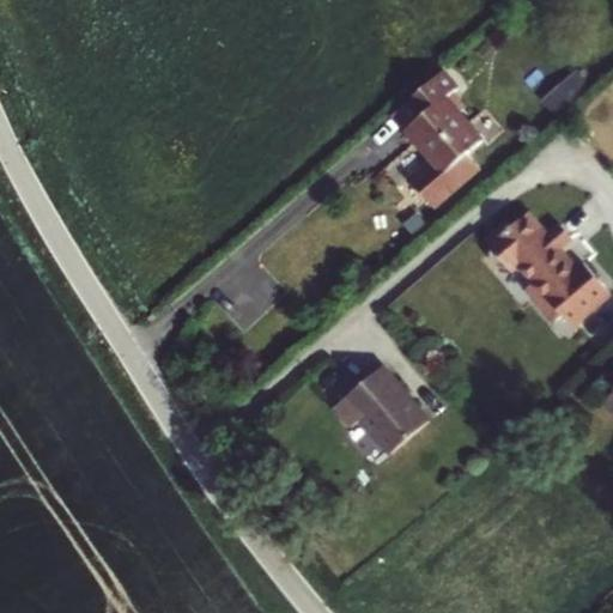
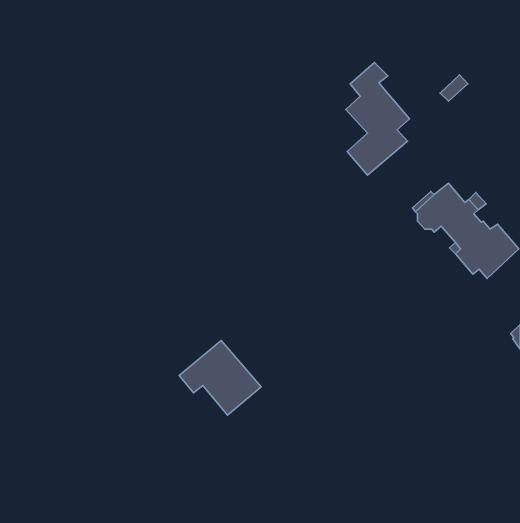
building: [335,364,431,451] -> [179,341,261,415]

